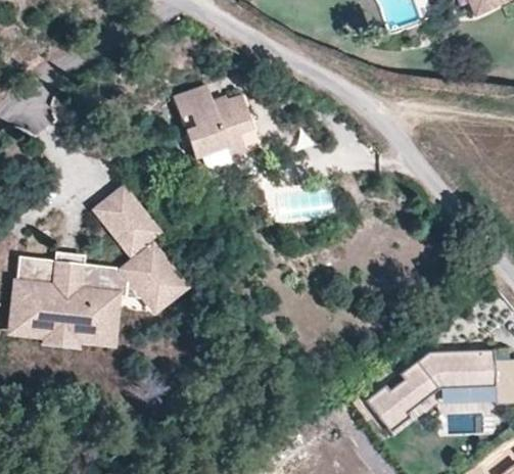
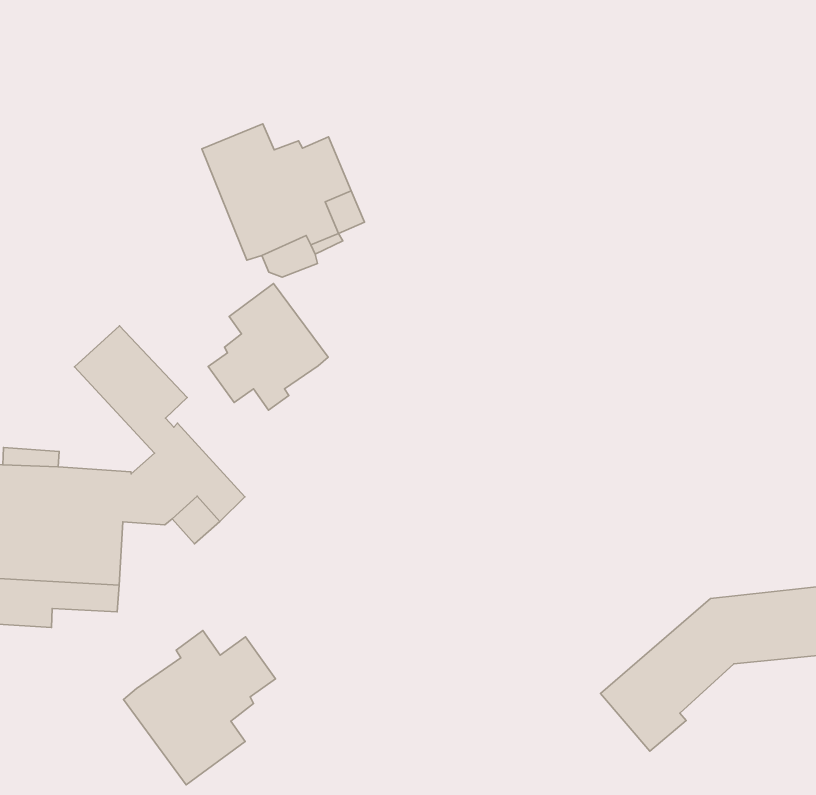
building: none -> [208,284,328,410]
building: none -> [123,630,276,785]

